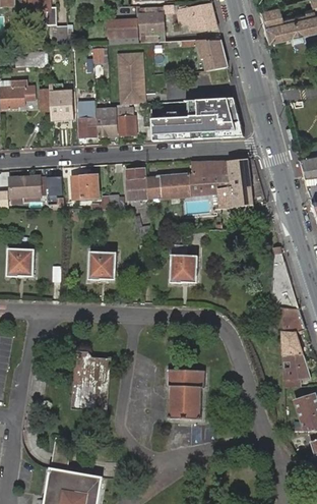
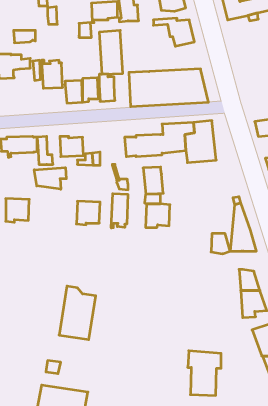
building: [125,170,148,202] -> [143,167,163,194]
building: none -> [34,168,66,189]
building: none -> [111,194,128,228]
building: [283,311,306,334] -> [211,234,230,254]
building: [168,370,206,422] -> [188,351,221,395]

